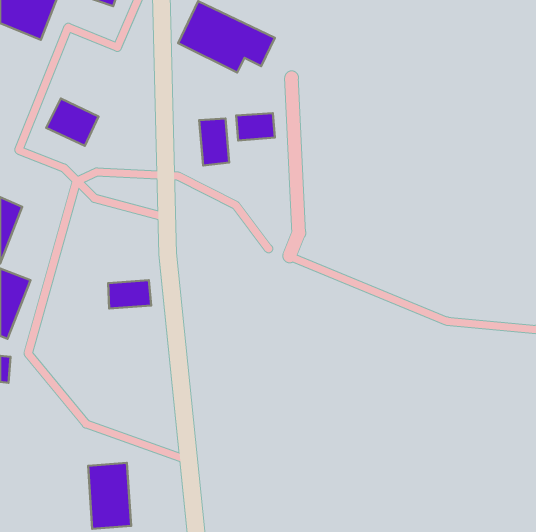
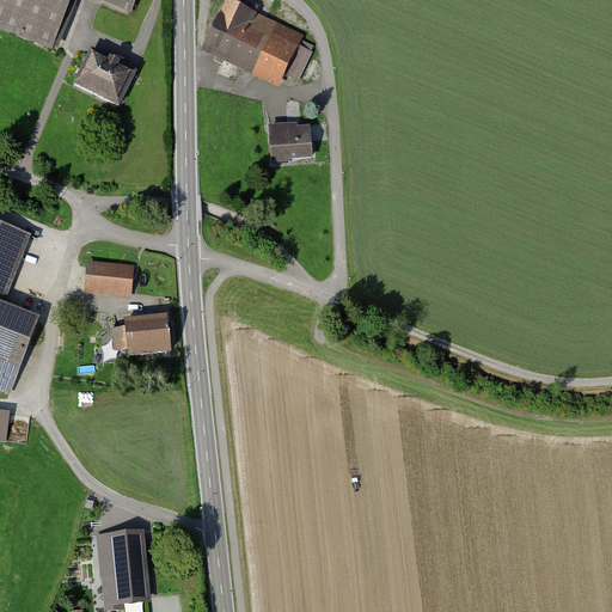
building: [46,99,99,146] -> [75,48,135,102]
building: [199,118,229,166] -> none
building: none -> [87,263,135,289]

